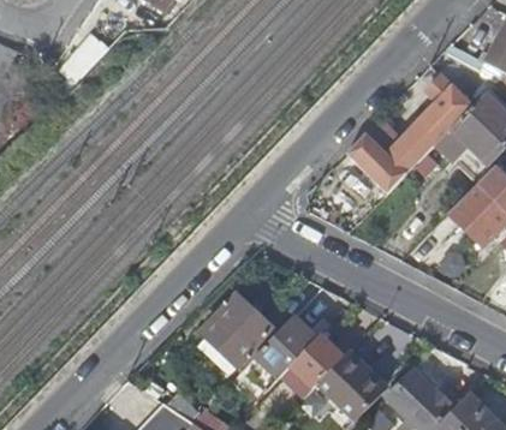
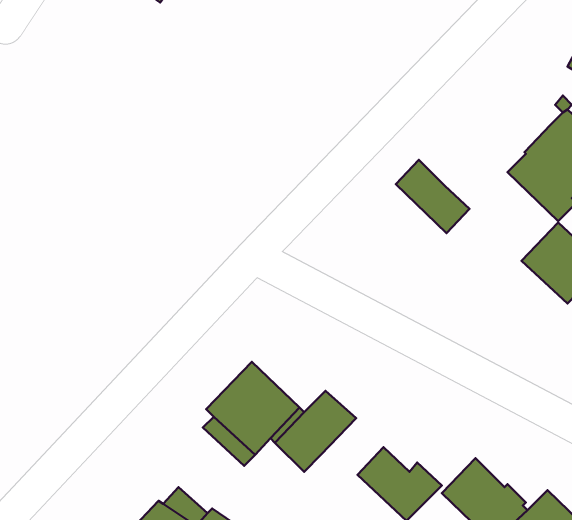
building: [387,77,470,173] -> none
building: [290,334,344,388] -> none

